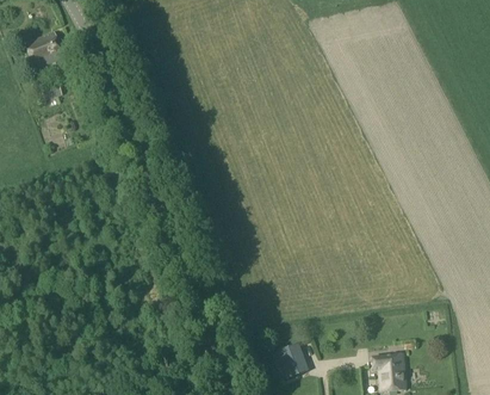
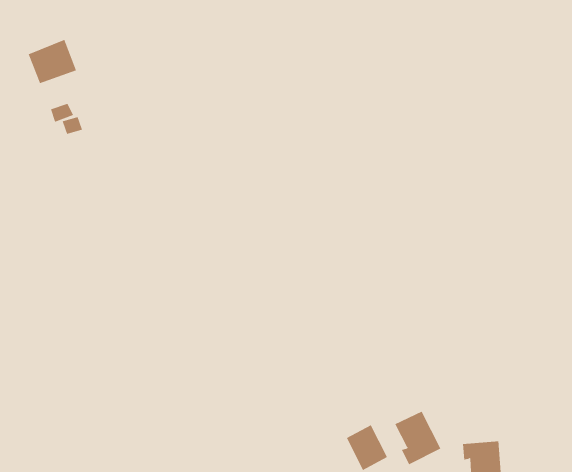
building: none -> [394,411,441,465]

